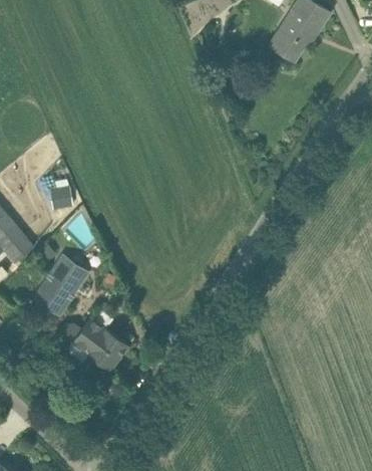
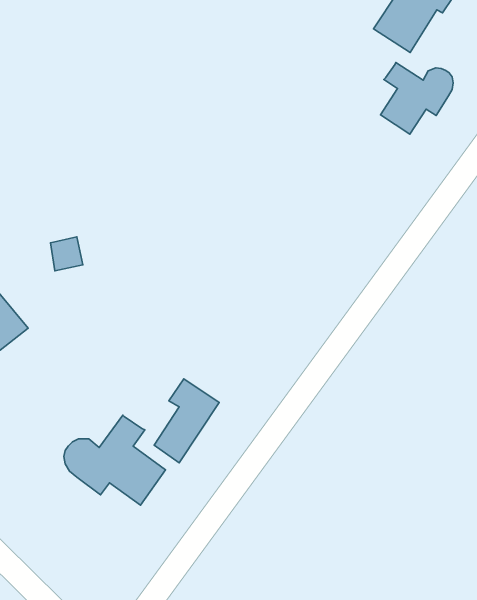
building: none -> [381,63,453,134]
building: [41,259,85,316] -> [154,379,219,463]

